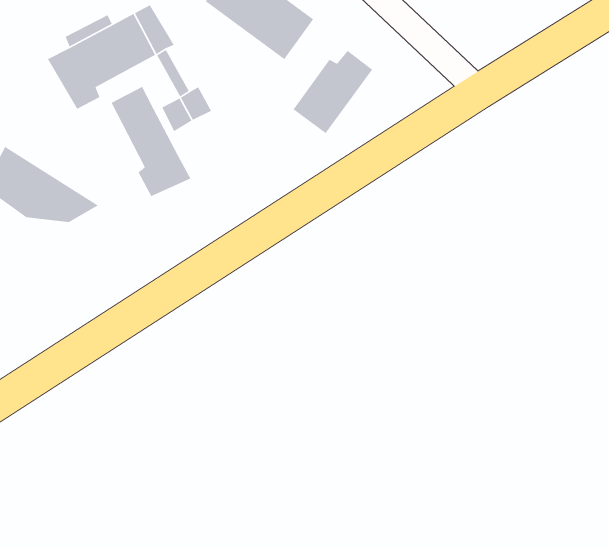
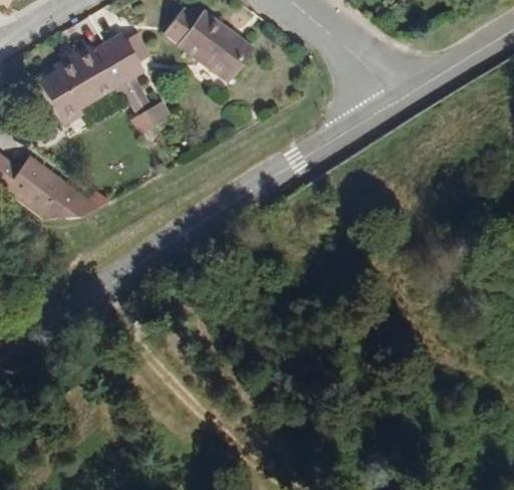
building: [292,50,373,134] -> none
building: [110,86,192,197] -> none

